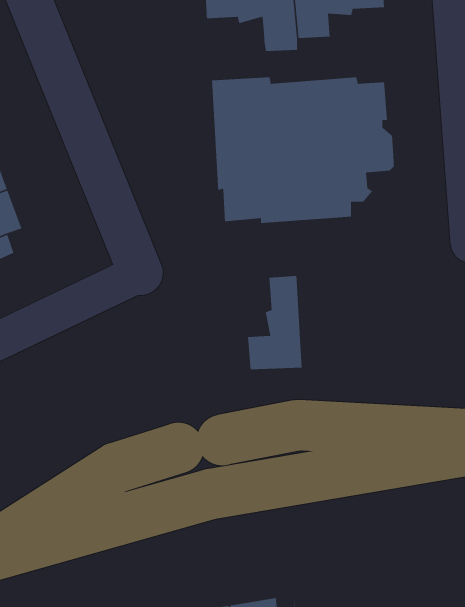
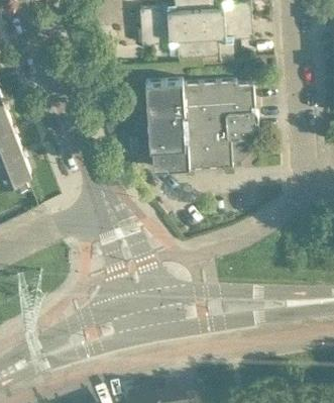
building: [247,275,303,370] -> none

